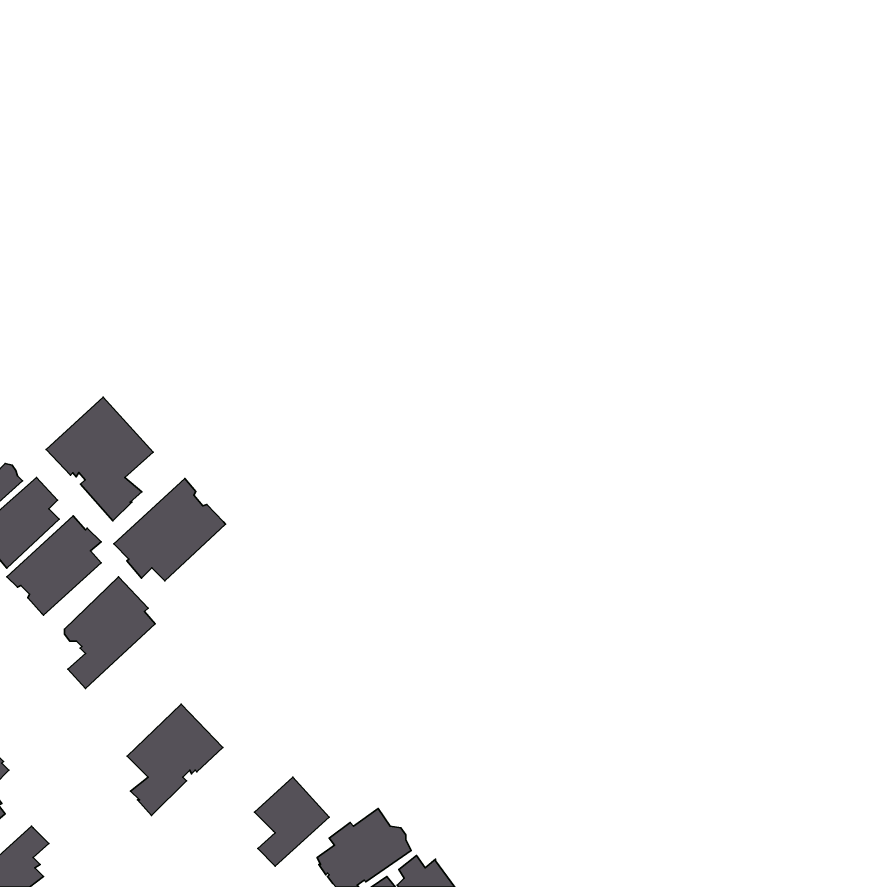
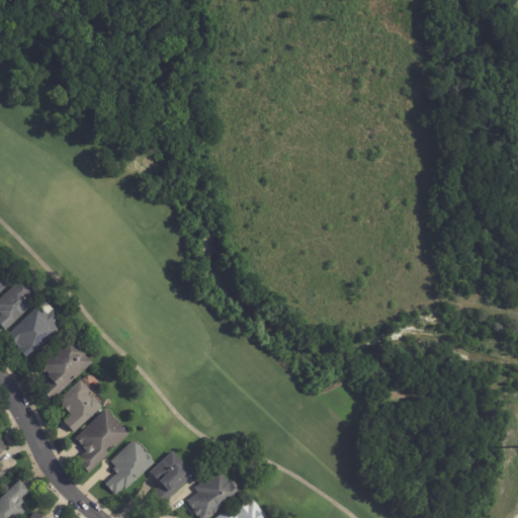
building: [46,397,153,521] -> none
building: [114,478,225,581] -> none
building: none -> [60,377,101,432]
building: none -> [102,439,153,493]

